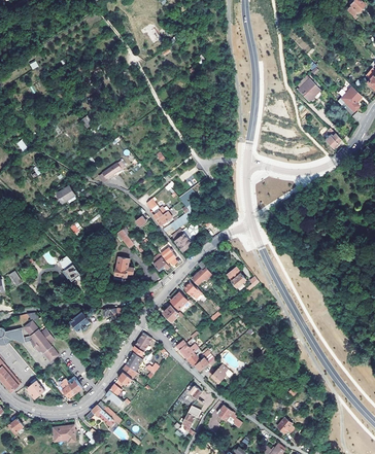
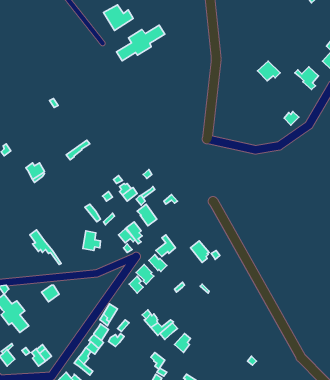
building: none -> [116,25,165,61]

